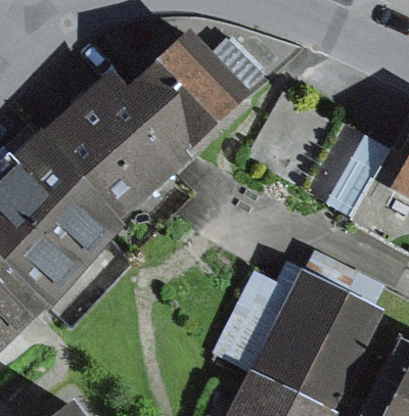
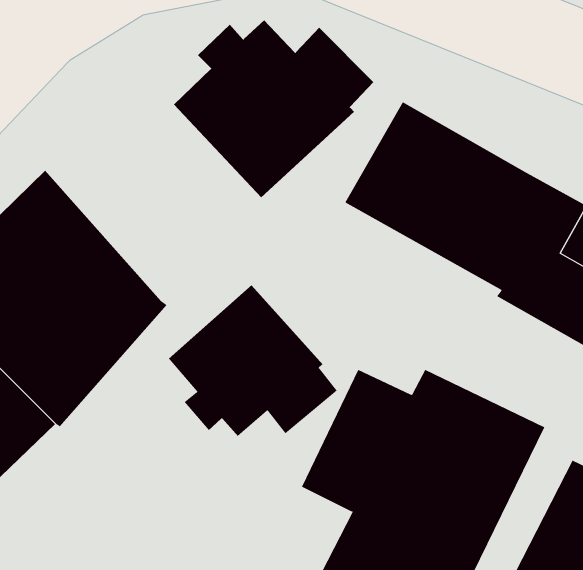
building: [39,73,192,223] -> none
building: none -> [168,285,337,437]

